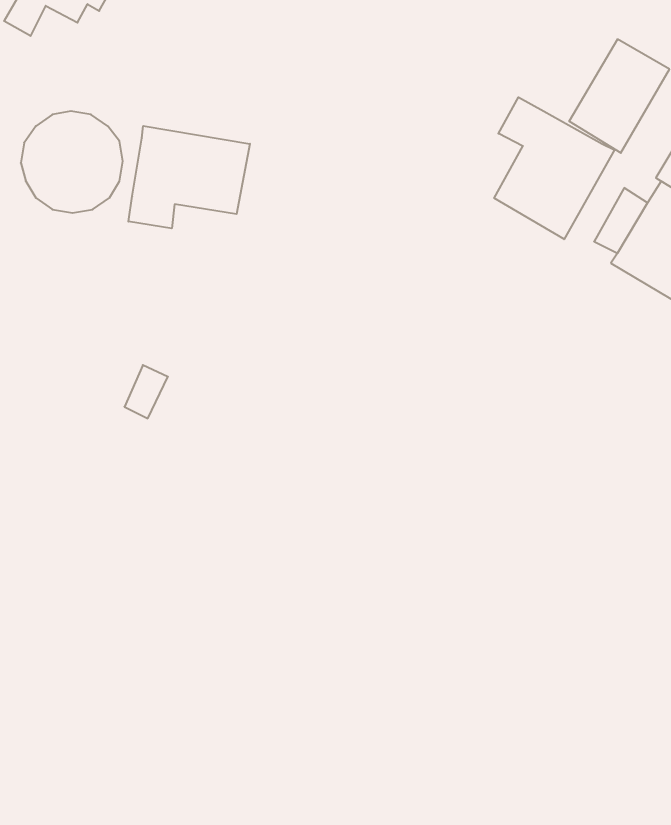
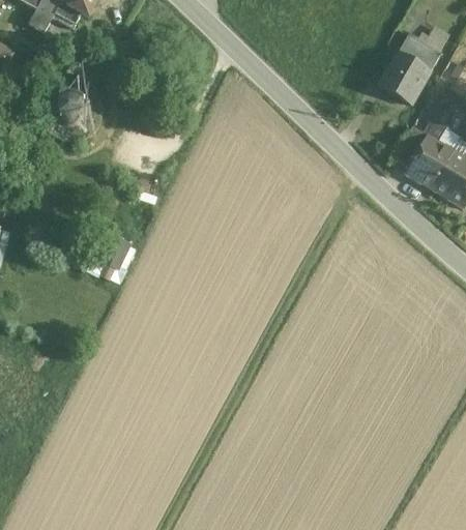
building: [494,97,614,239] -> none
building: [128,126,250,228] -> none

